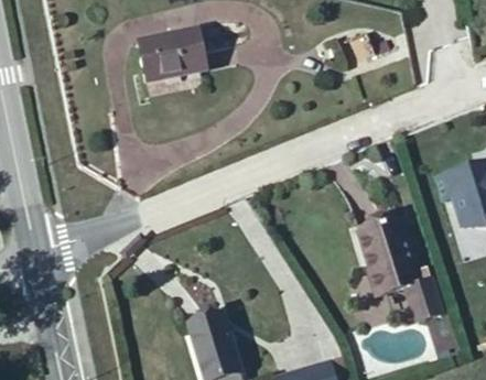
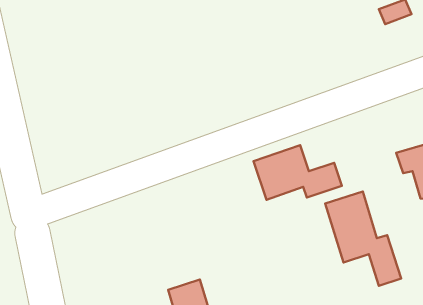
building: [138,26,207,80] -> none
building: none -> [254,145,342,200]

